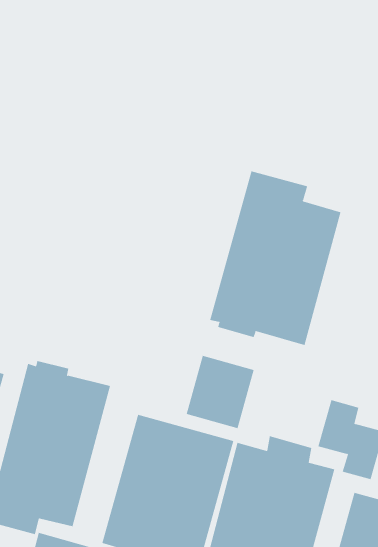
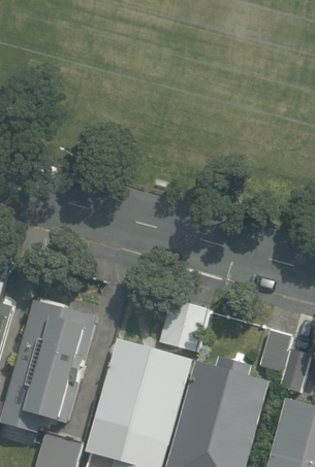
building: [209,170,341,346] -> none

